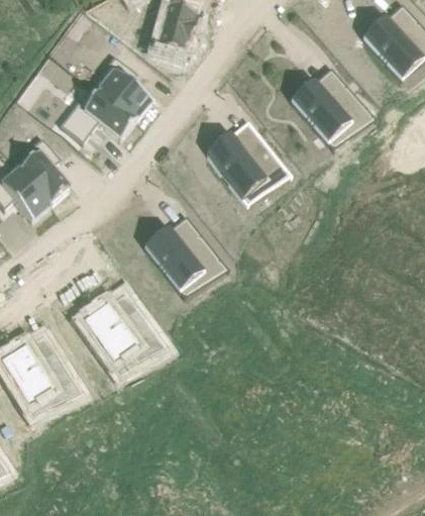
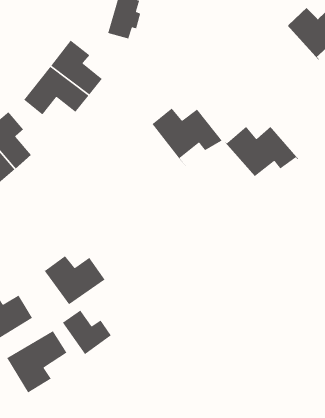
building: [289,80,376,141] -> [224,126,299,179]
building: [143,228,228,290] -> none
building: none -> [62,310,112,355]
building: none -> [6,330,67,394]

